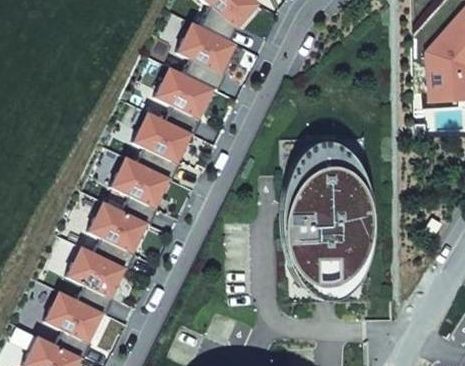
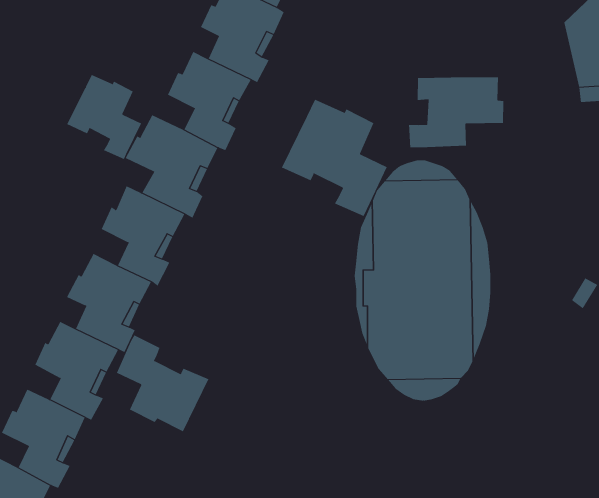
building: none -> [66,74,142,160]
building: none -> [408,77,504,148]
building: none -> [281,99,388,217]
building: none -> [116,335,209,432]

